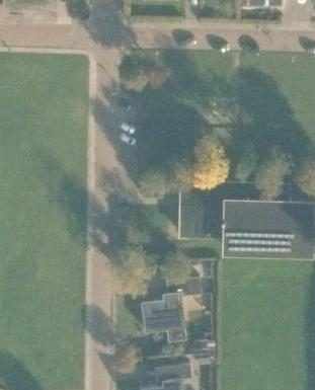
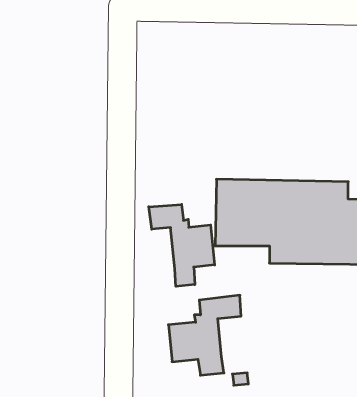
building: none -> [149,204,215,286]

